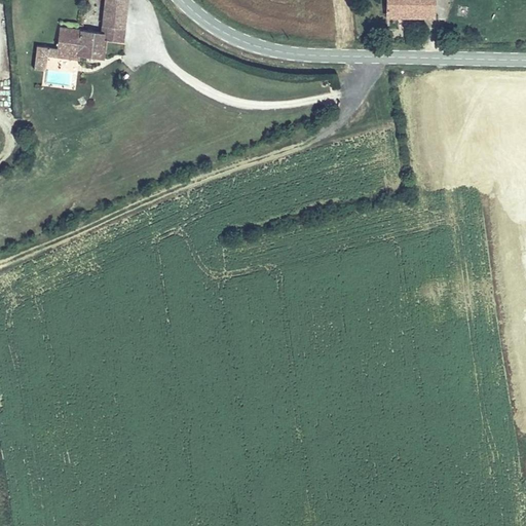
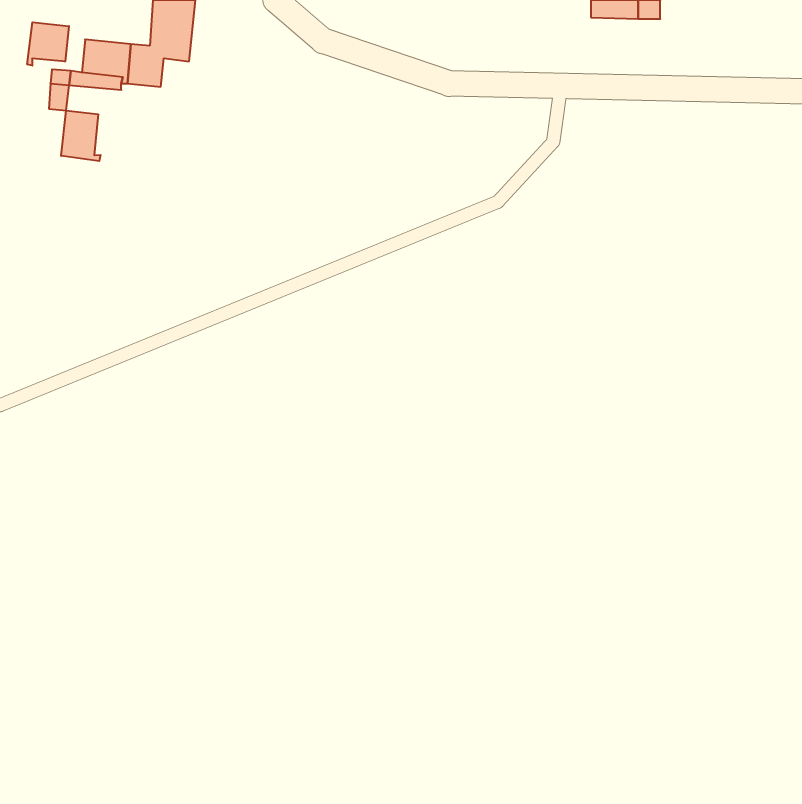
building: none -> [27,22,69,66]
building: none -> [61,110,101,161]

